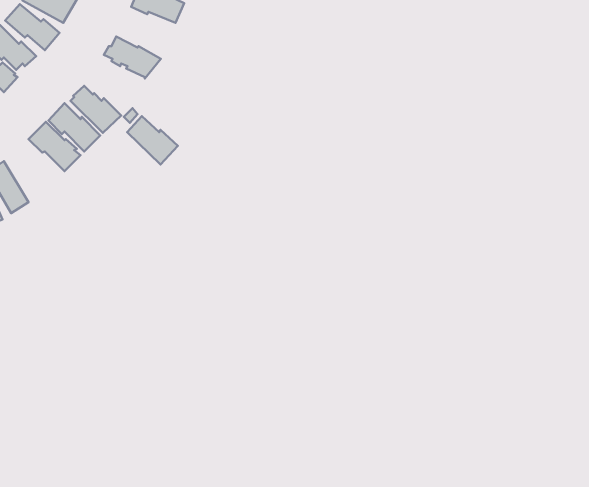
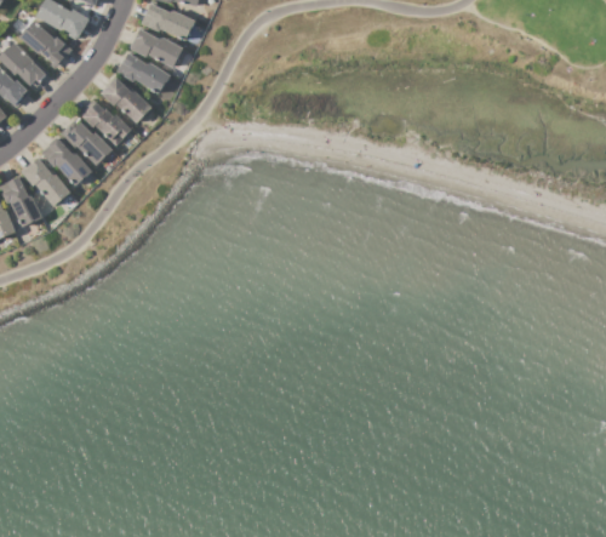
building: none -> [131,28,183,65]
building: [127,116,178,164] -> [101,76,150,124]
building: none -> [22,156,70,205]

